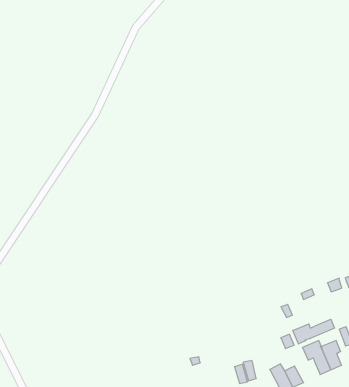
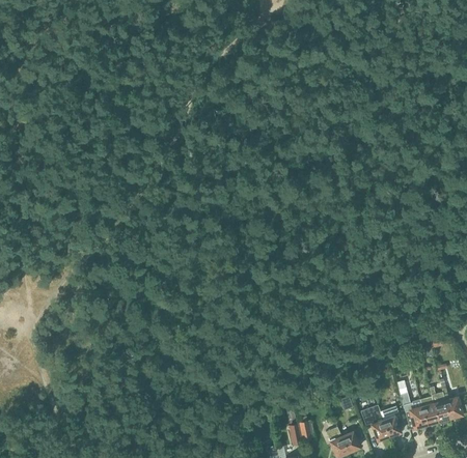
building: [293,319,335,344] -> none

